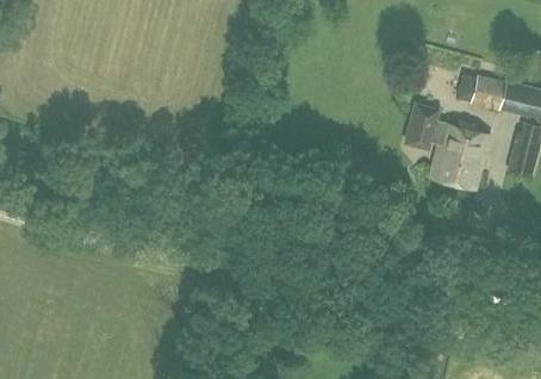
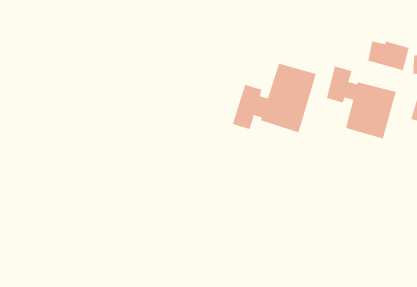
building: none -> [232,63,317,133]

